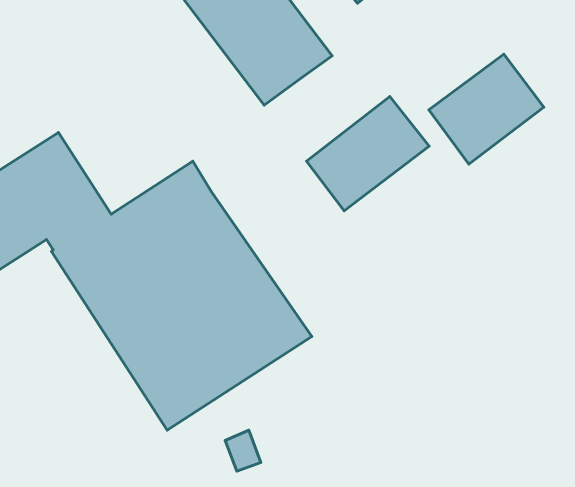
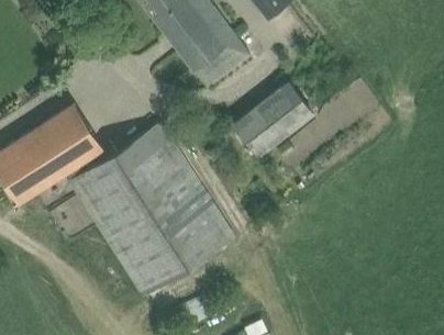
building: [429,54,544,164] -> none

